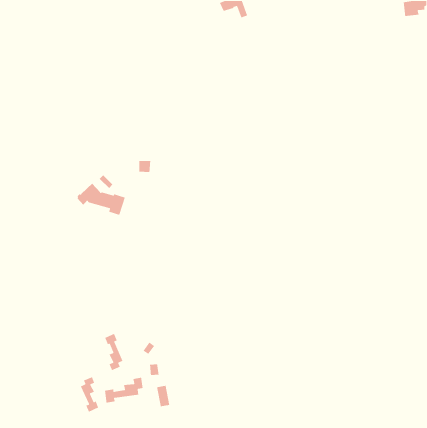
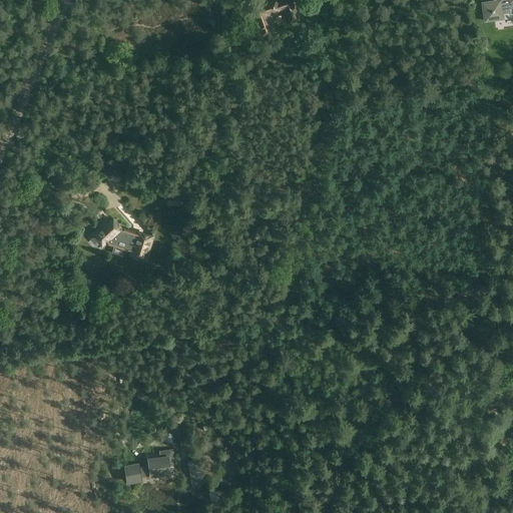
building: [104,333,124,371] -> none
building: [80,376,99,413] -> none

